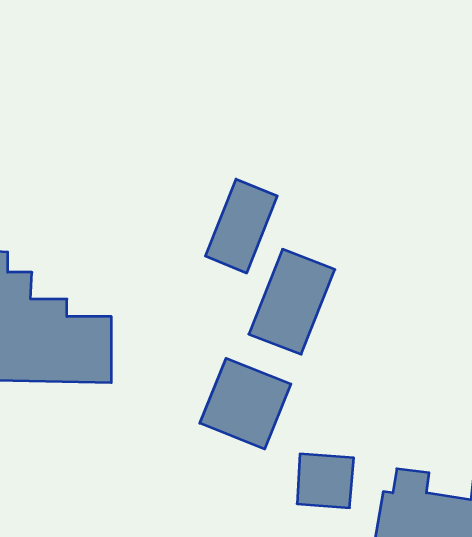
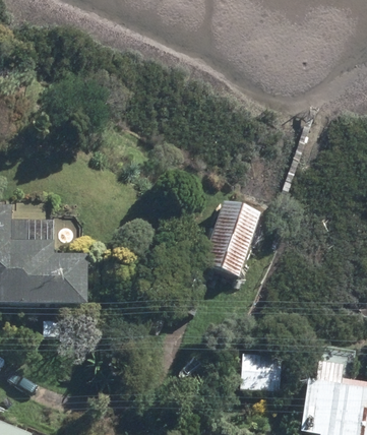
building: [205,179,277,273] -> none
building: [200,358,291,449] -> none

